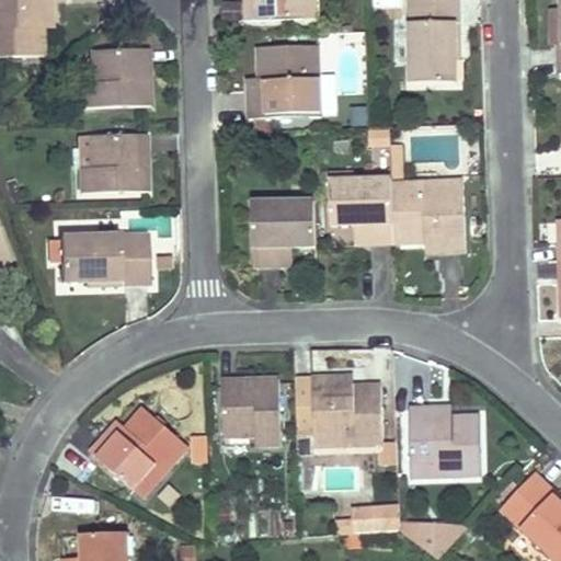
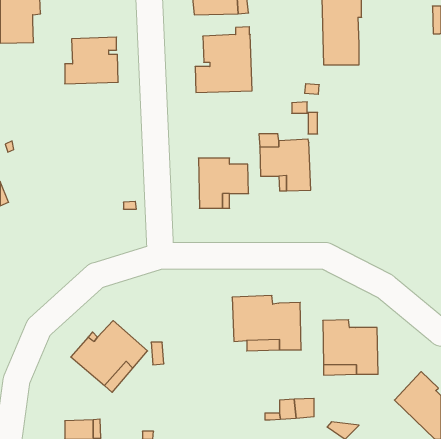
building: [79,133,147,191] -> none
building: [392,179,465,251] -> none
building: [54,232,150,283] -> none
building: [221,377,280,444] -> none

